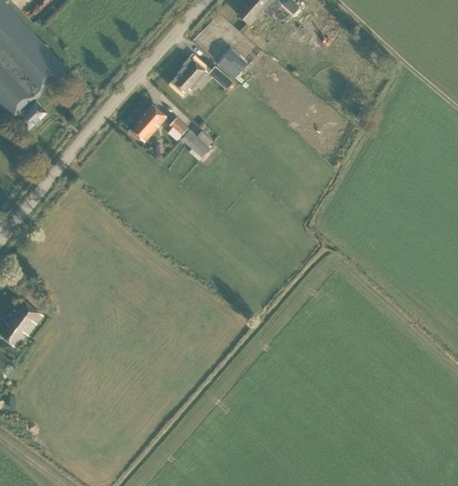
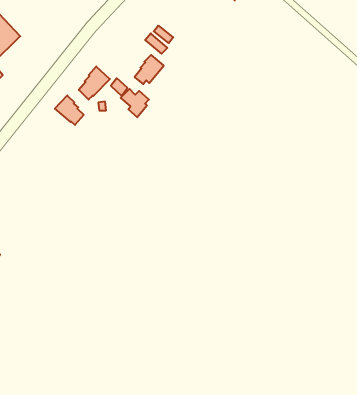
building: [173,57,206,90] -> [135,55,164,84]
building: none -> [55,95,84,125]

